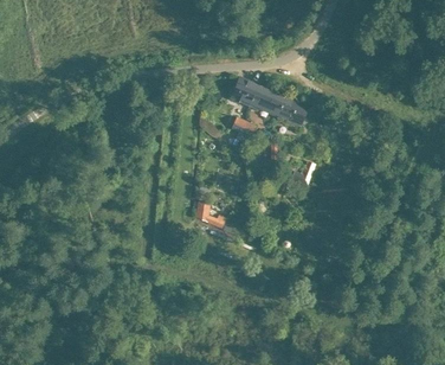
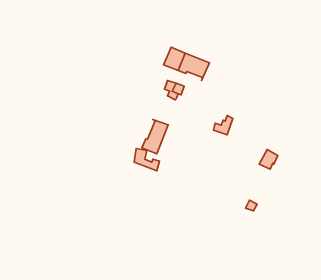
building: [277,97,308,127] -> none
building: none -> [142,120,168,154]

